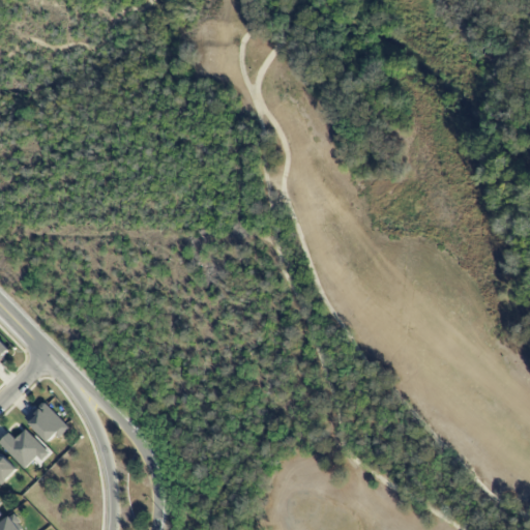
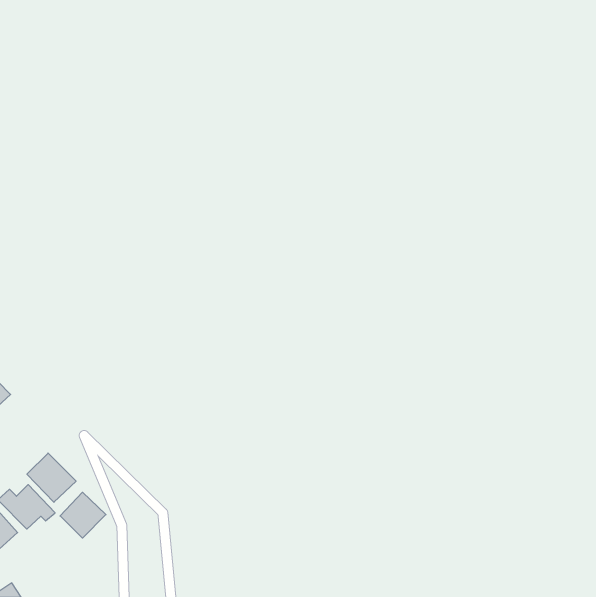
building: none -> [60,492,106,538]

